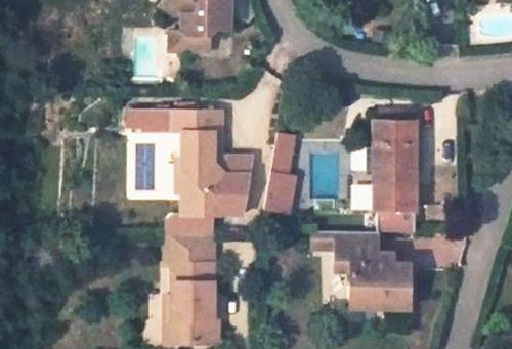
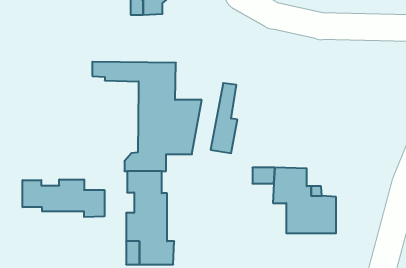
building: [351,111,418,231] -> none
building: none -> [23,179,104,217]

